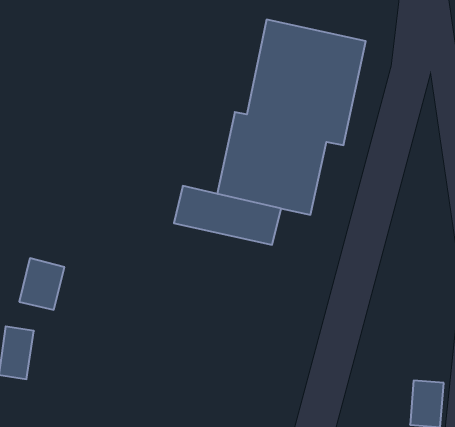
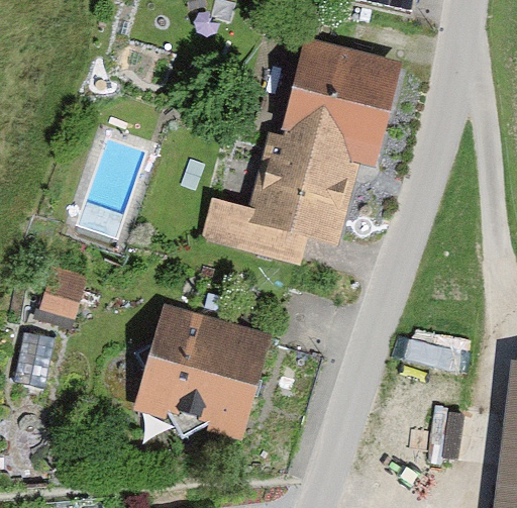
building: none -> [134,300,275,441]

